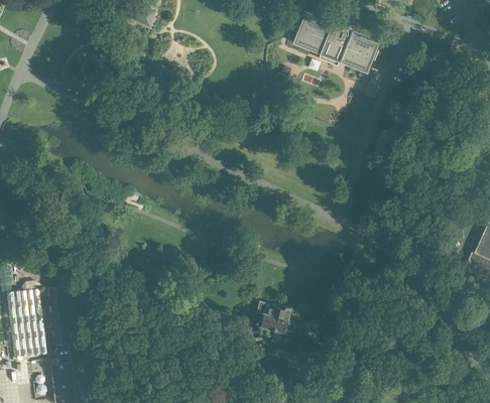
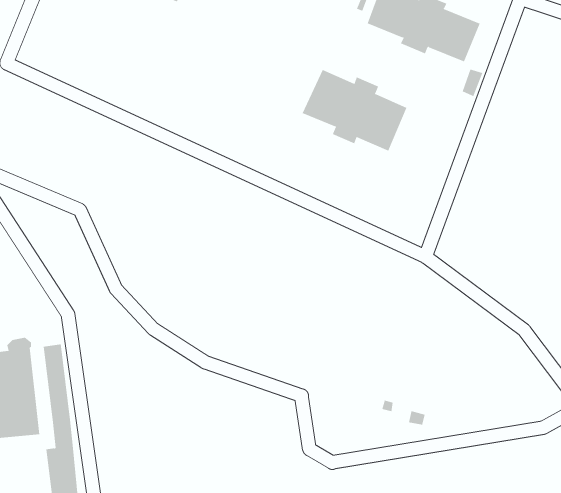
building: none -> [302,69,407,152]
building: [256,301,298,332] -> none

